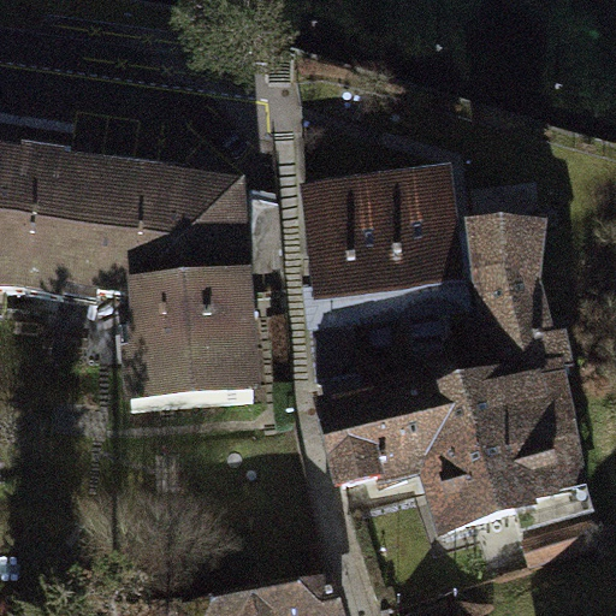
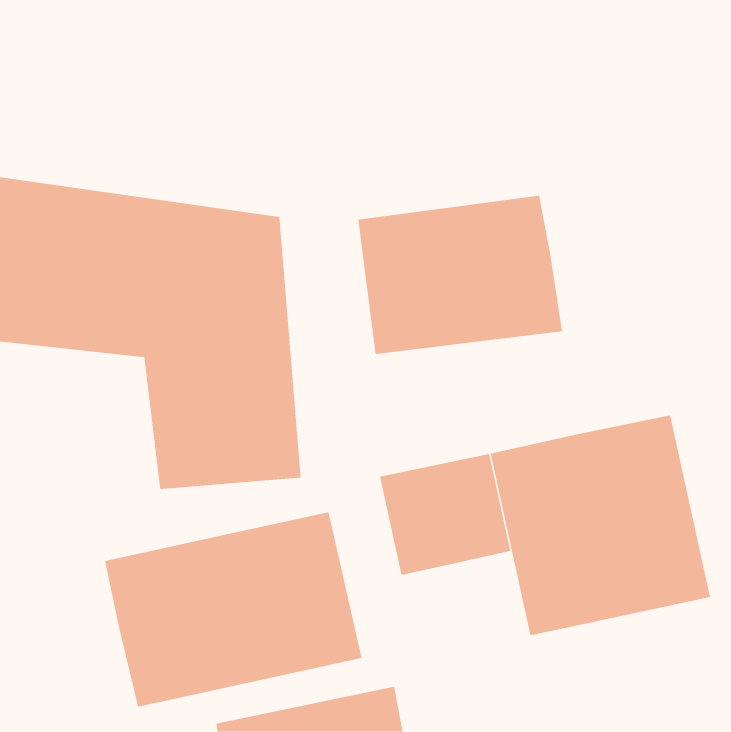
building: [462,215,562,365] -> none
building: none -> [104,512,362,707]

